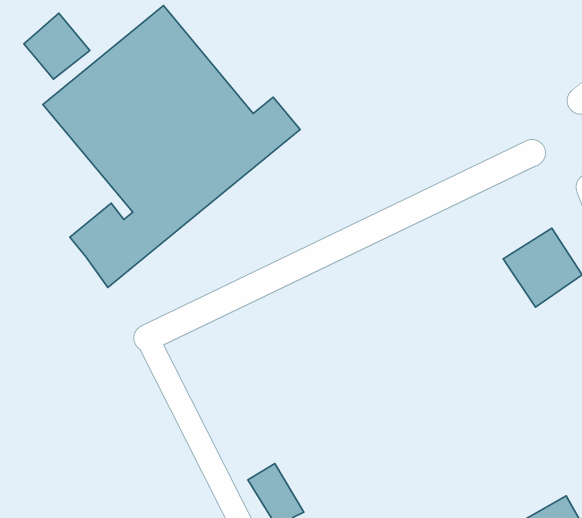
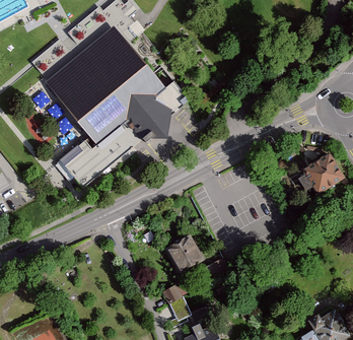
building: [24,13,90,79] -> none
building: none -> [167,234,202,271]

